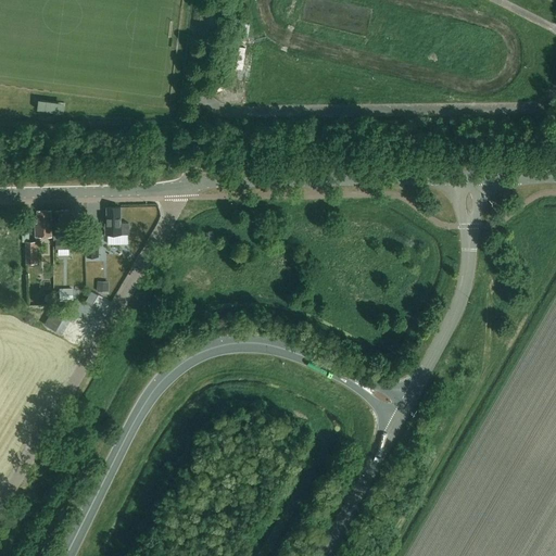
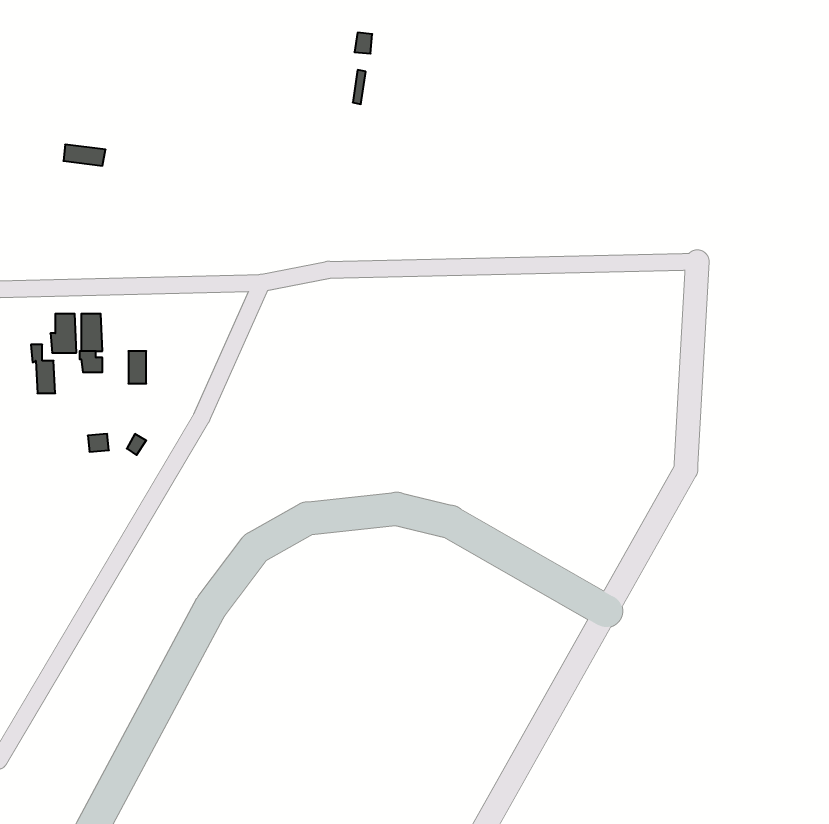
building: [104,212,128,238] -> none

